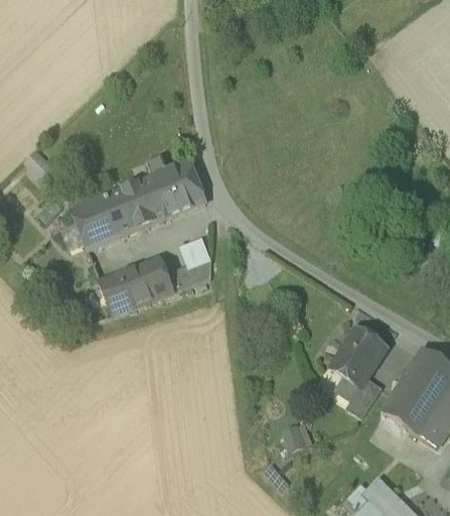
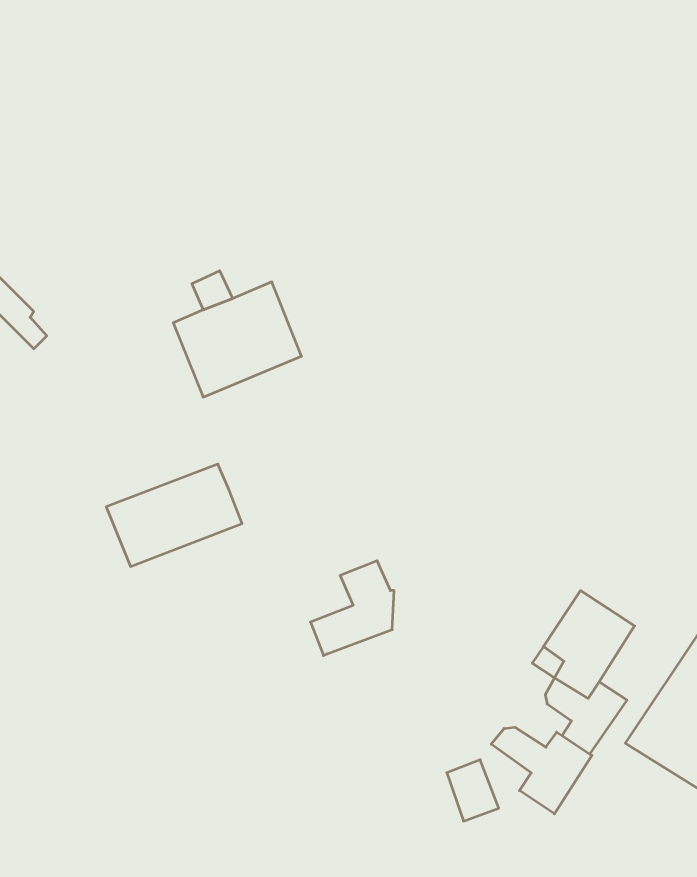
building: [70,182,152,250] -> none
building: [166,240,211,291] -> [310,561,394,656]
building: none -> [491,727,592,814]

